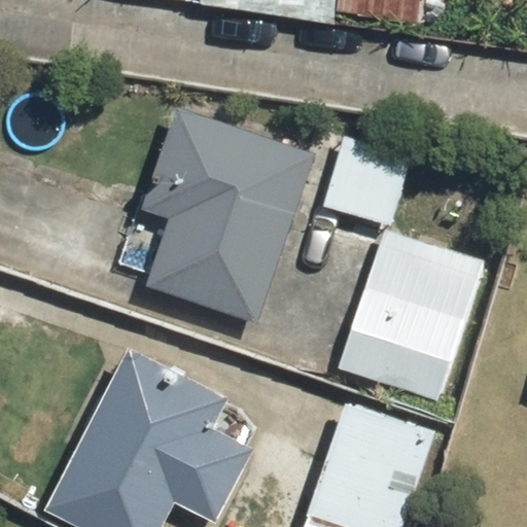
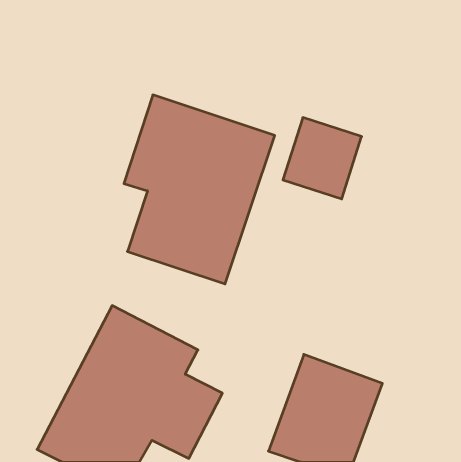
building: [339,232,483,399] -> none

